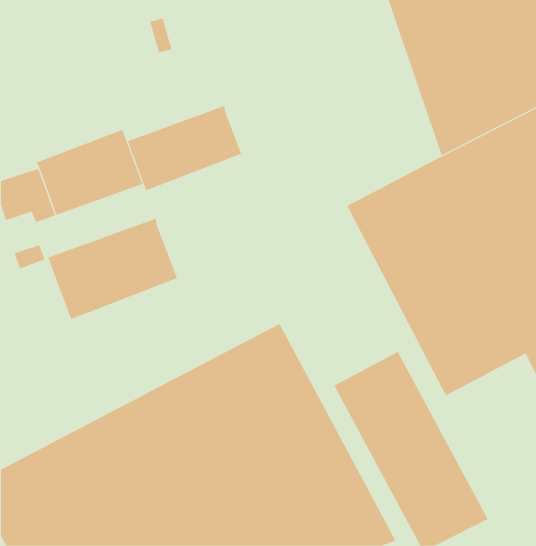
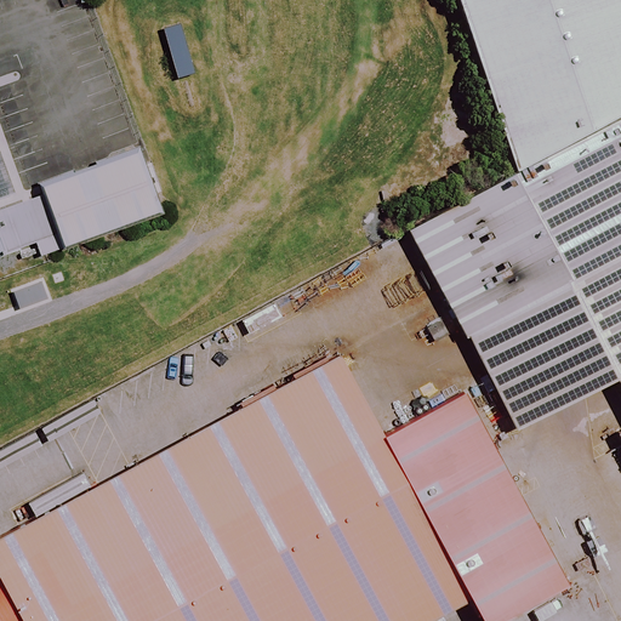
building: [127,105,242,191] -> none
building: [48,218,178,320] -> none

